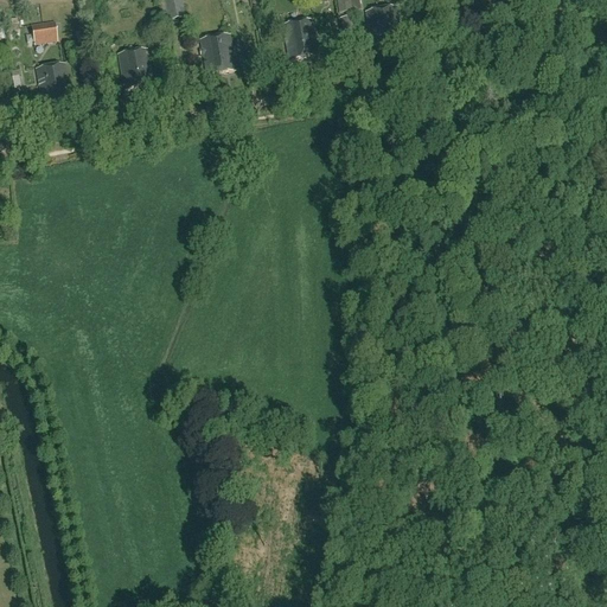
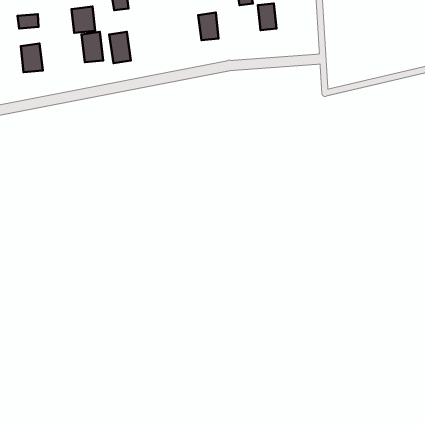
building: none -> [71,6,95,33]
building: [200,32,231,76] -> [109,32,131,63]

